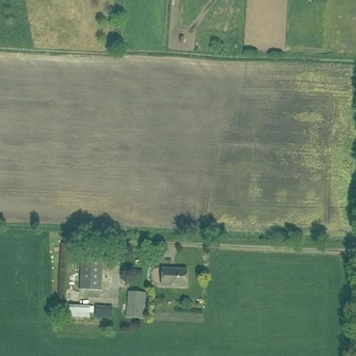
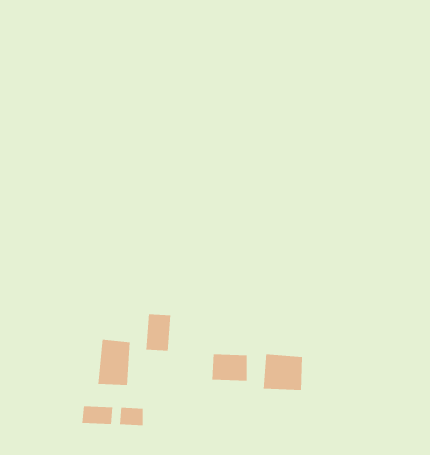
building: none -> [263,353,303,391]
building: [127,290,145,317] -> [145,314,171,351]

